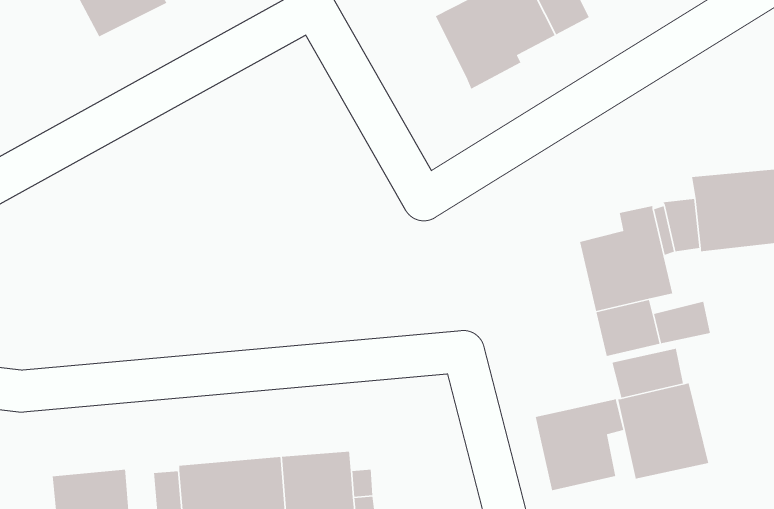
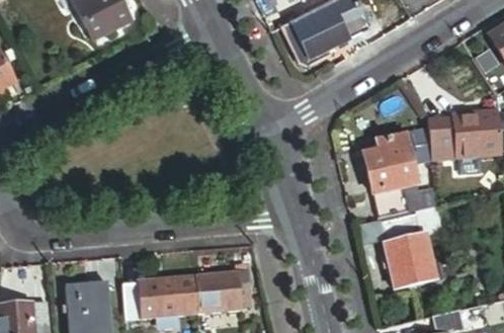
building: [535,398,624,491] -> none

